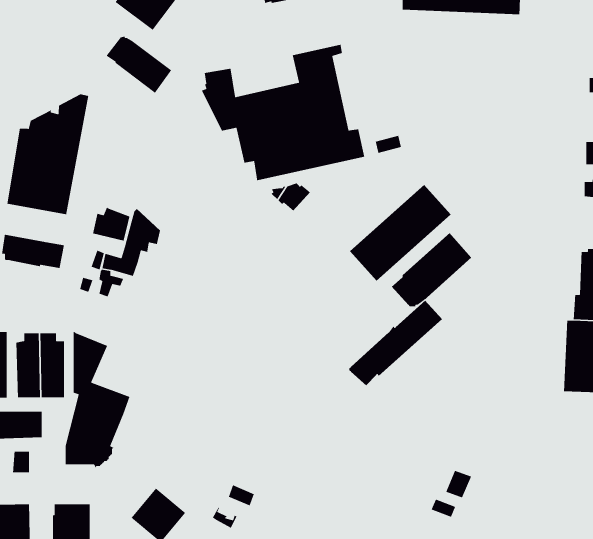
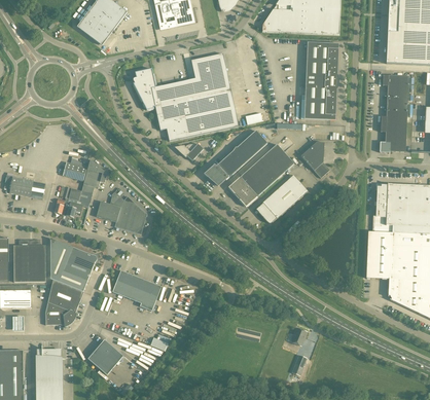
building: none -> [303,41,338,123]
building: [106,36,172,94] -> none
building: [7,93,89,215] -> none
building: none -> [300,141,330,177]
building: none -> [96,190,146,232]
building: [349,300,443,386] -> [207,130,267,185]
building: none -> [63,247,97,280]
building: none -> [112,269,162,310]

